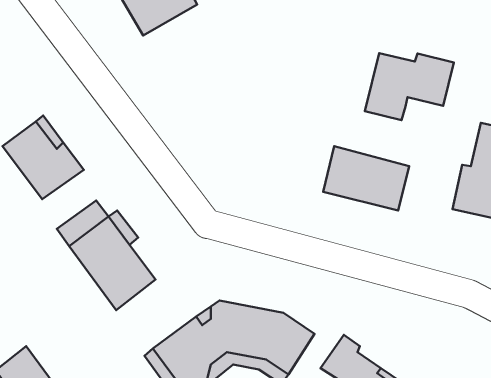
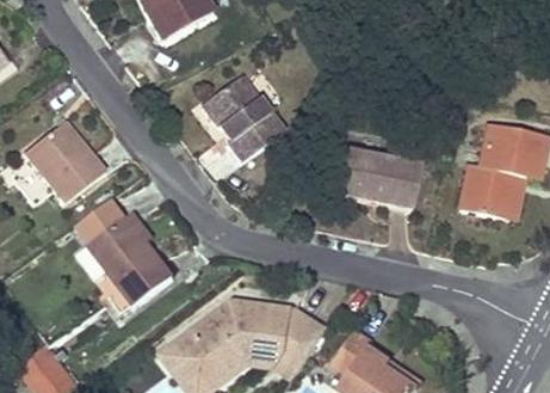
building: [365,53,454,120] -> none
building: none -> [202,74,282,161]

